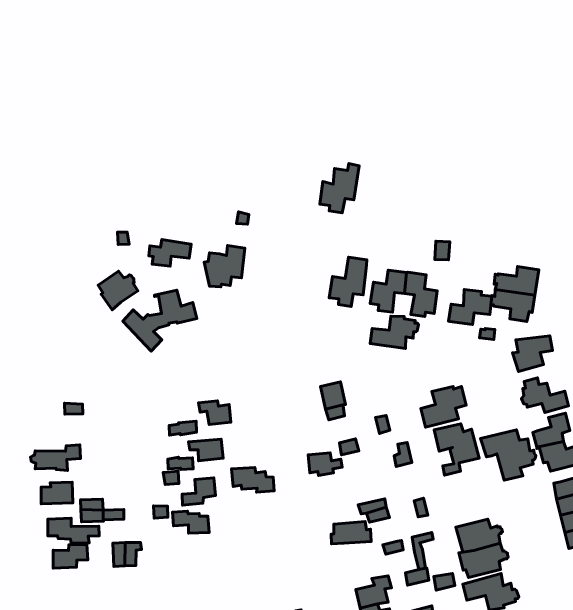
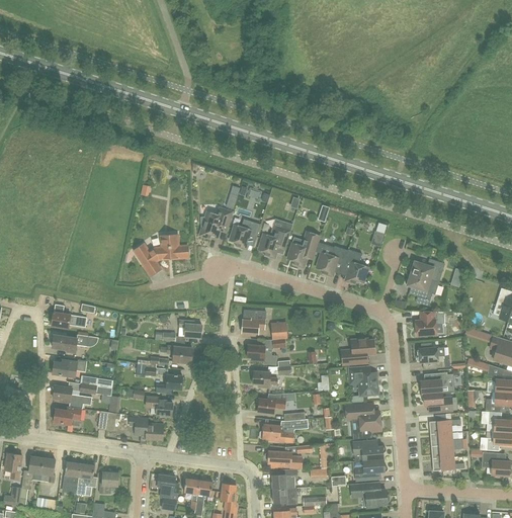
building: [320,163,359,213] -> [258,223,291,258]
building: [149,240,191,266] -> none
building: none -> [230,219,260,249]
building: [98,271,138,310] -> none
building: [448,289,492,324] -> none
building: [370,316,419,348] -> none
building: none -> [241,309,265,334]
building: none -> [51,304,86,328]
building: [481,430,536,480] -> [345,403,383,438]
building: [232,468,274,492] -> [246,344,276,365]
building: none -> [257,393,285,413]
building: none -> [129,416,165,439]
building: none -> [264,450,302,467]

